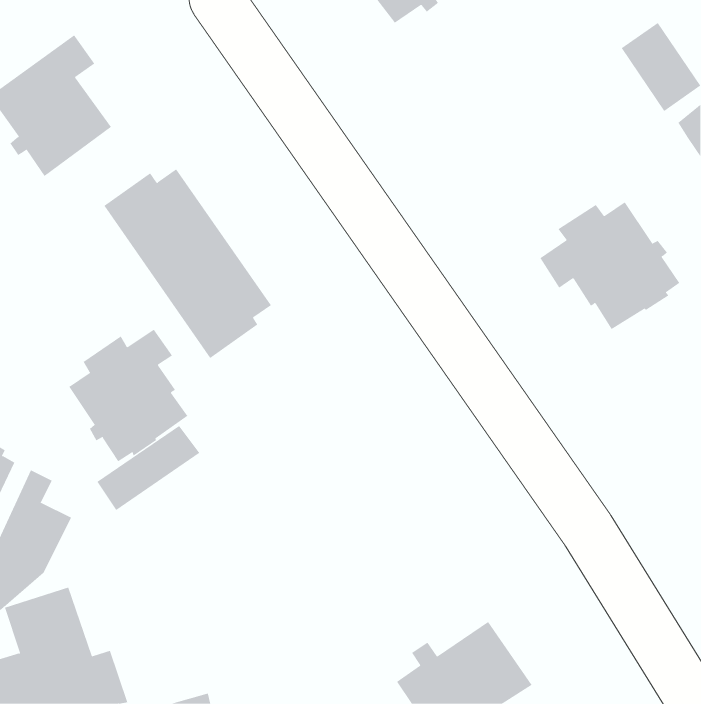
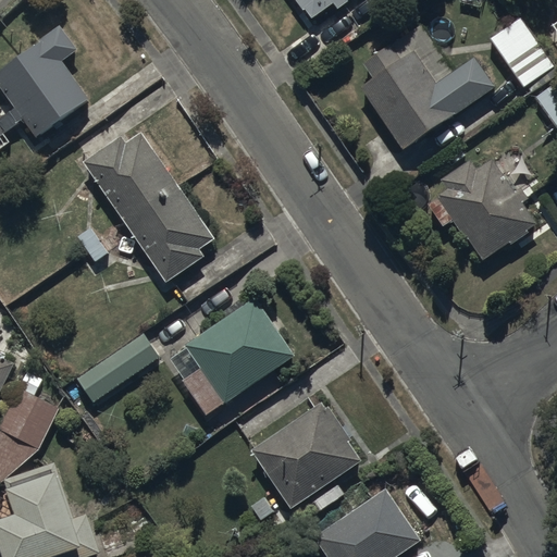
building: none -> [358,24,495,151]
building: [69,329,188,462] -> none
building: none -> [170,297,295,417]
building: none -> [250,400,360,510]

